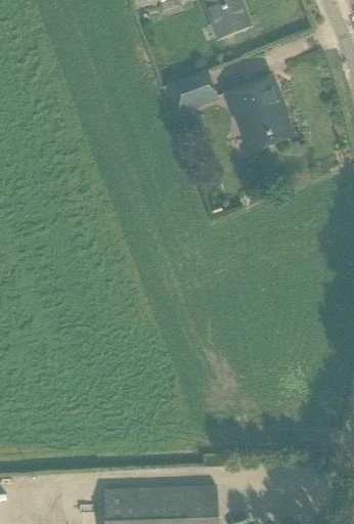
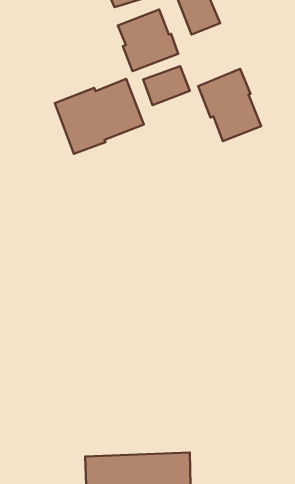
building: none -> [118,10,178,71]
building: none -> [55,79,144,154]

